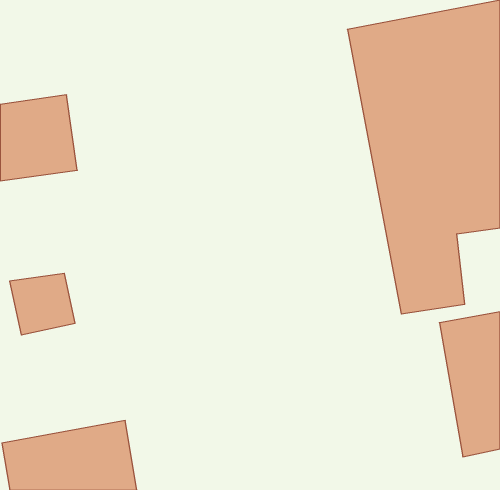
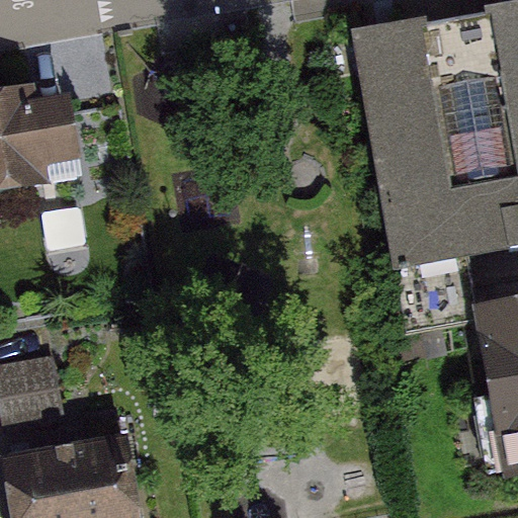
building: [10,273,75,335] -> [4,348,72,412]

